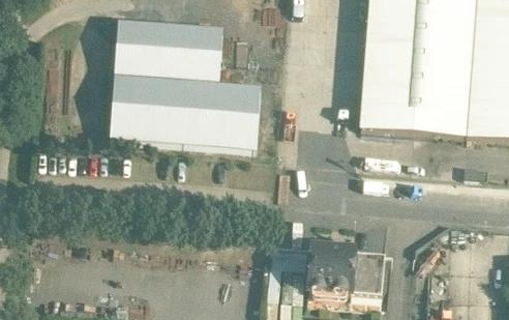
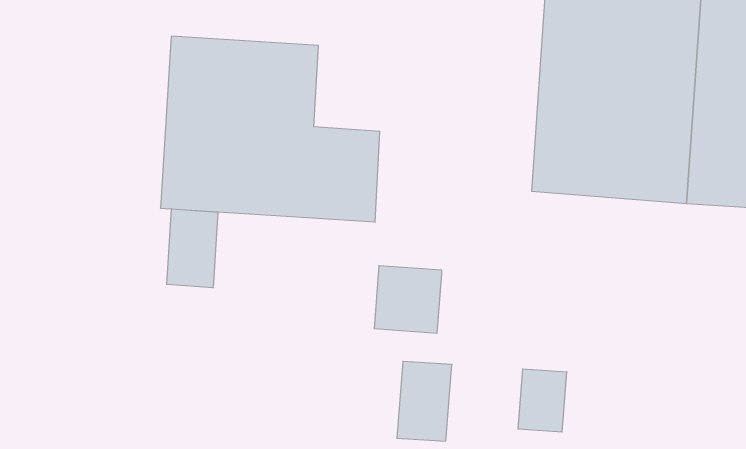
building: none -> [167,209,218,288]
building: [309,248,355,293] -> [374,266,442,333]

